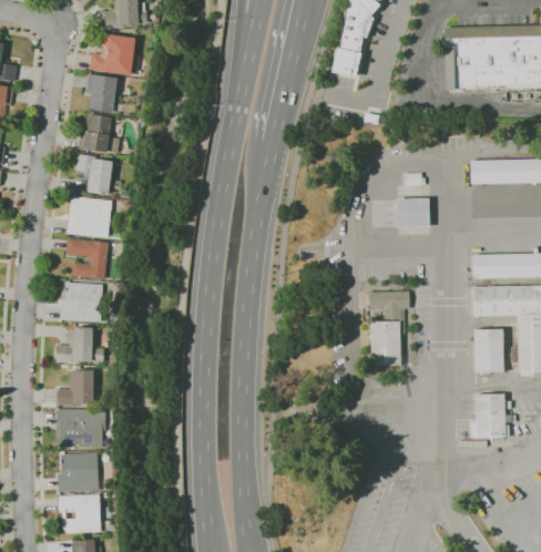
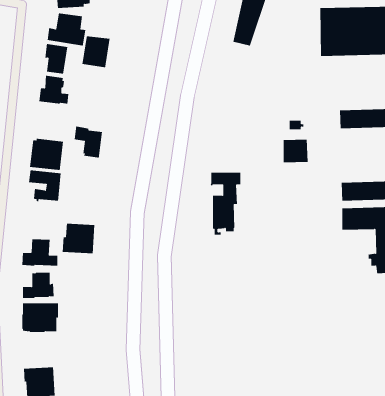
building: none -> [82,35,110,68]
building: [75,153,113,195] -> [74,126,103,158]
building: [60,282,103,321] -> [62,223,95,254]
building: [368,292,409,374] -> [210,172,241,235]
building: [474,328,506,372] -> none
building: [470,393,516,438] -> none
building: [58,452,99,492] -> none

